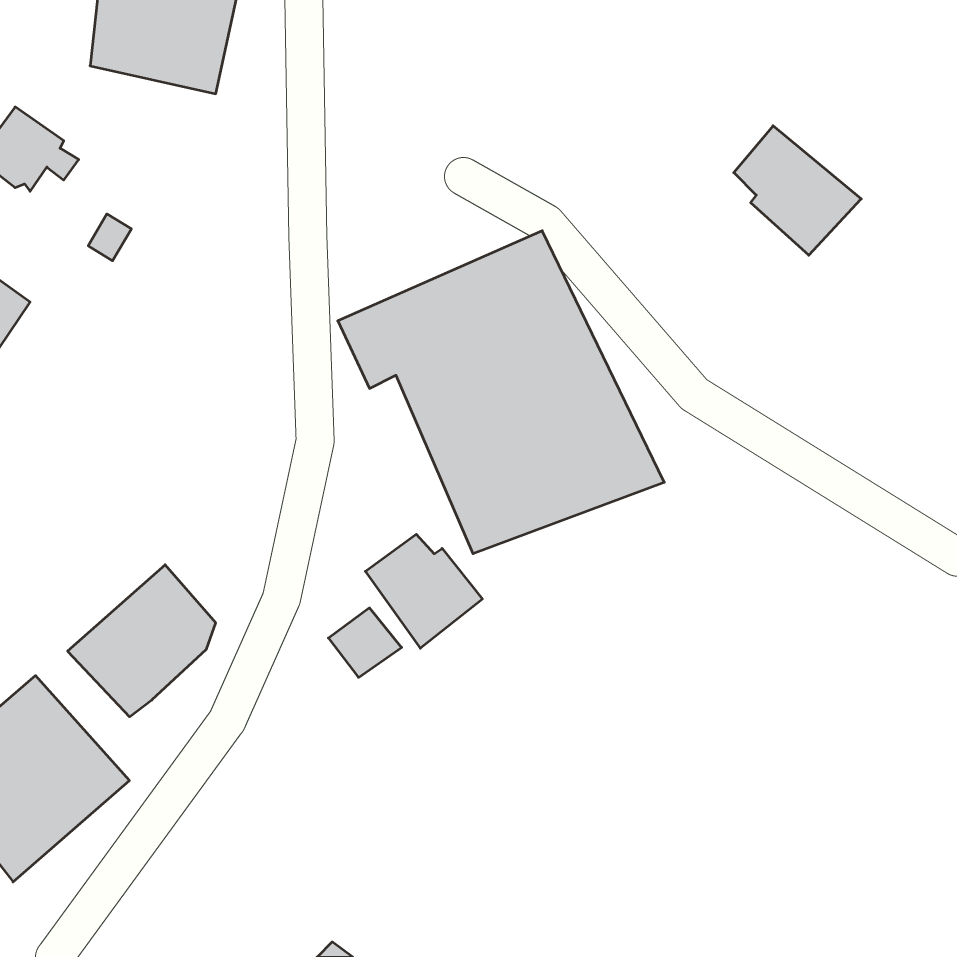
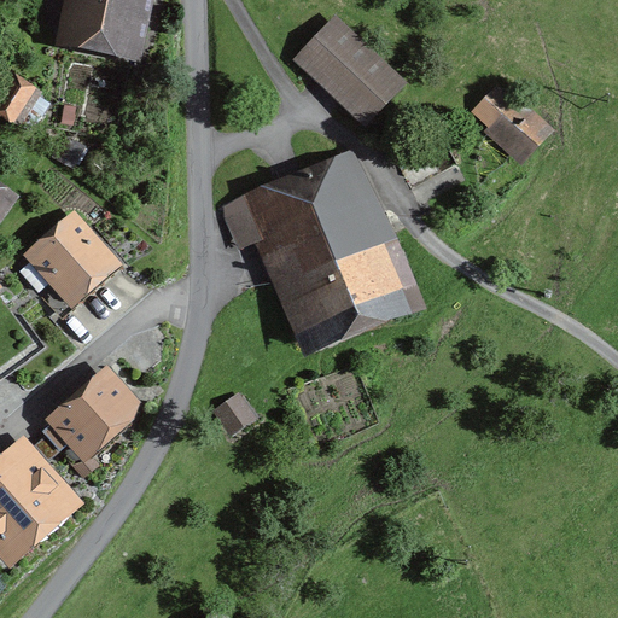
building: none -> [292,13,407,127]
building: none -> [18,223,109,311]
building: [365,534,482,648] -> none

